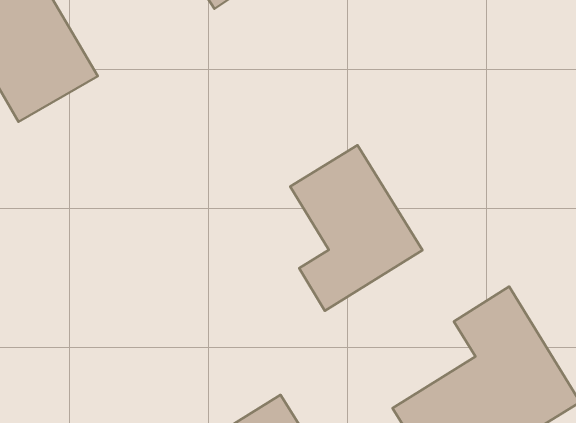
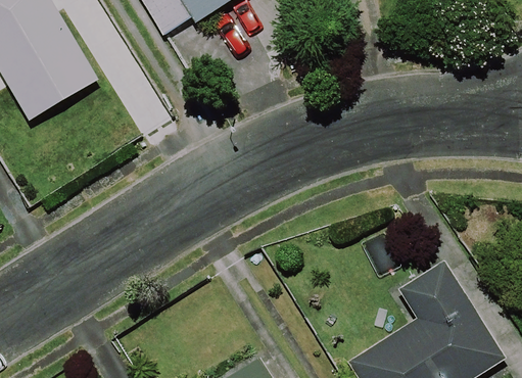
building: [290,145,422,311] -> none

